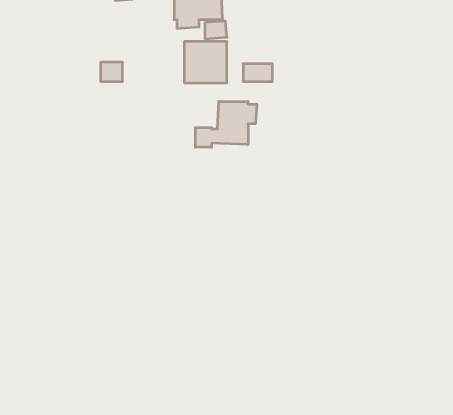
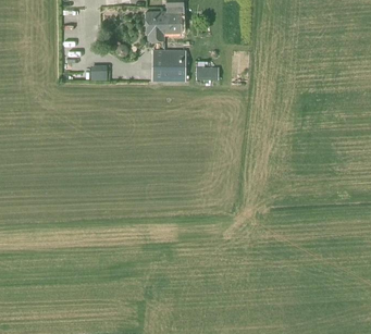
building: [195,101,257,147] -> none

